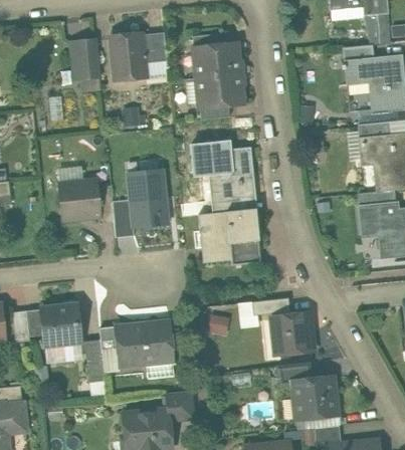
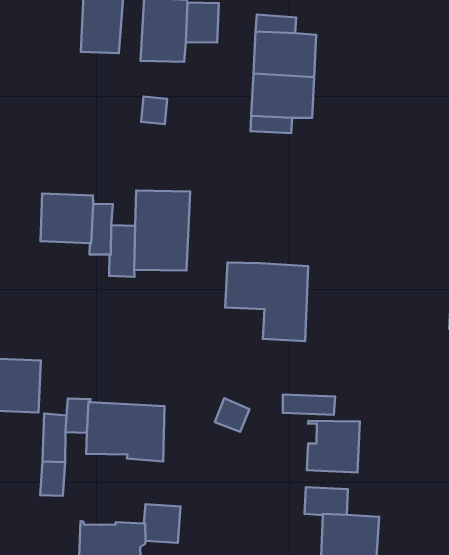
building: [190,142,255,212] -> none

